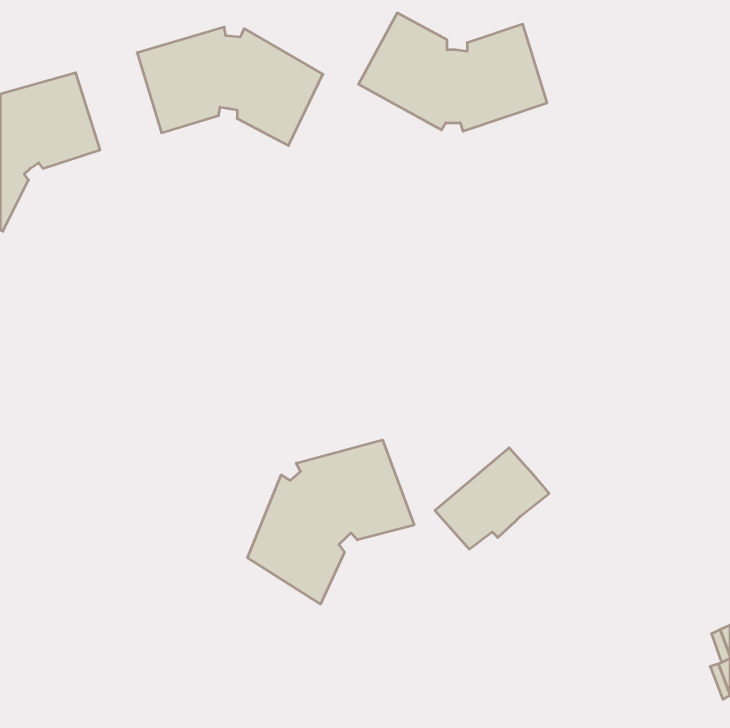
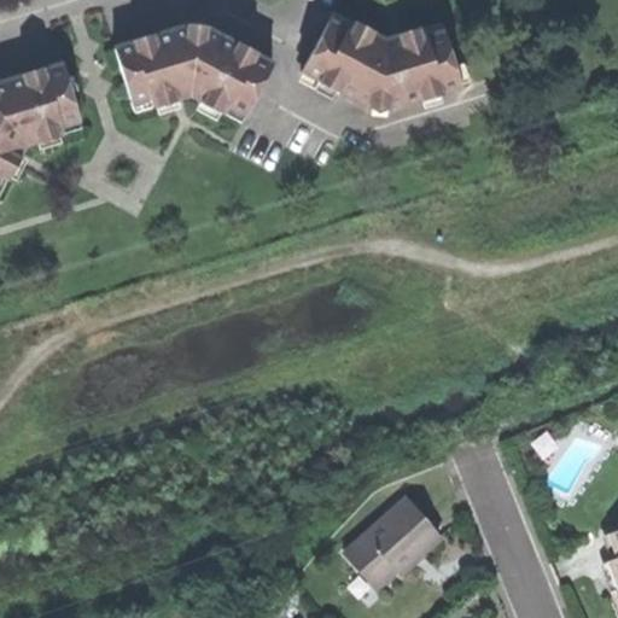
building: [248,440,414,604] -> none
building: [435,448,549,549] -> [343,496,439,582]

